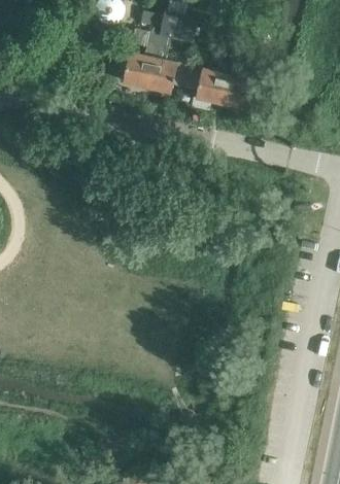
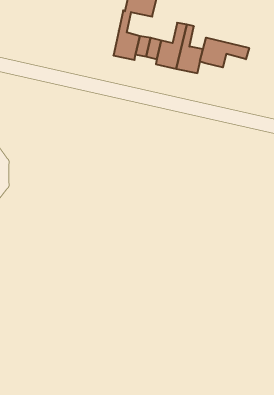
building: [122,32,157,87] -> none
building: none -> [200,38,249,67]

